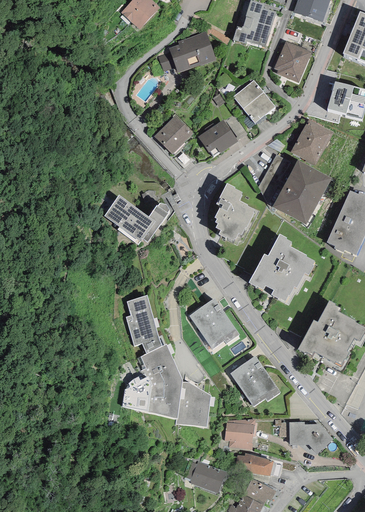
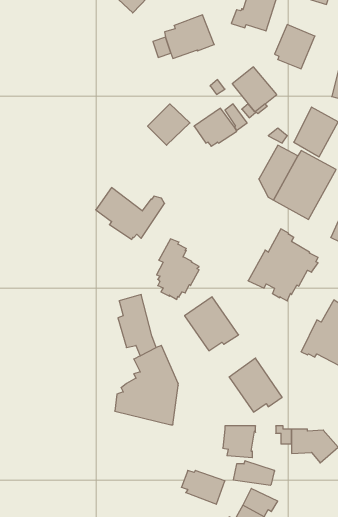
building: [214,183,254,240] -> [157,239,199,299]
building: [175,381,210,426] -> none

